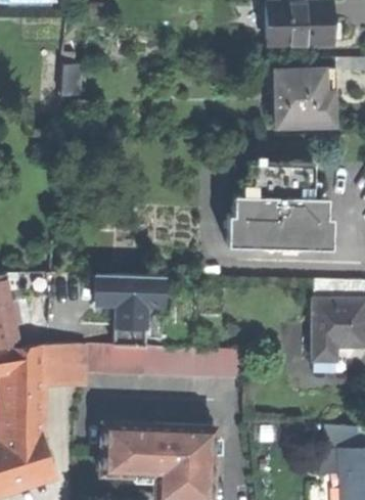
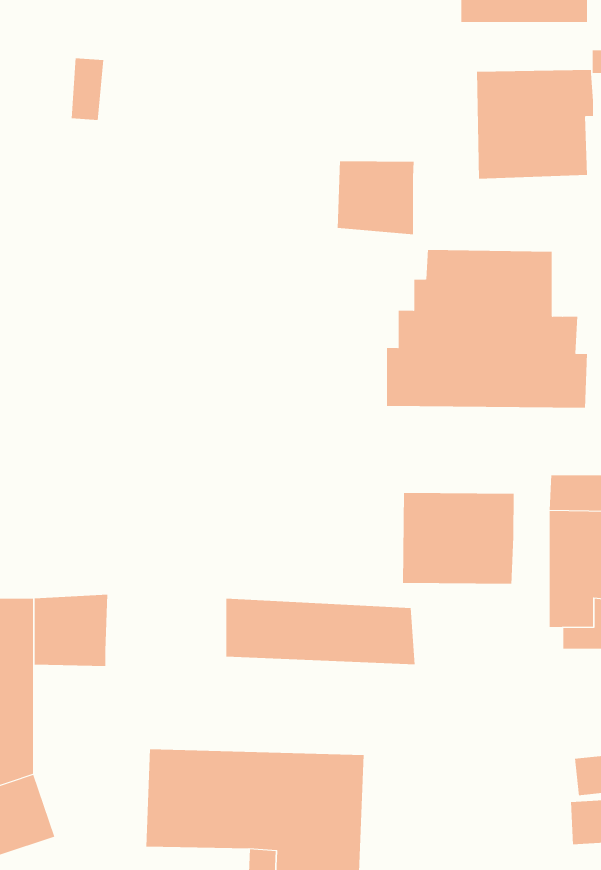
building: none -> [337,161,414,235]
building: [87,273,161,338] -> none
building: none -> [402,492,514,585]
building: [81,344,143,376] -> none

